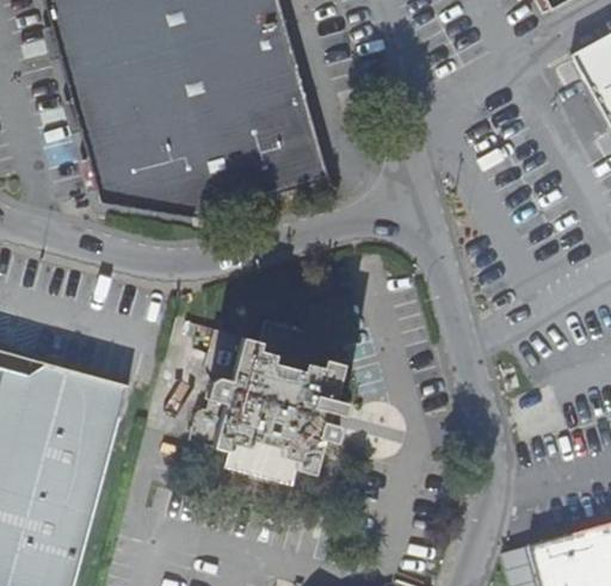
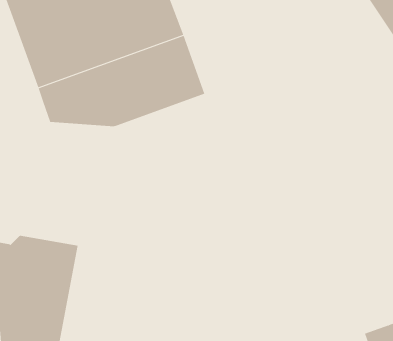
building: [189,320,347,486] -> none

